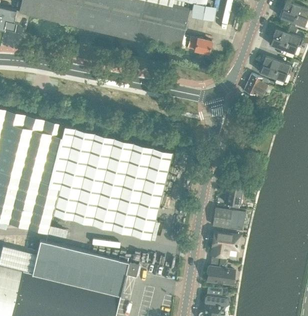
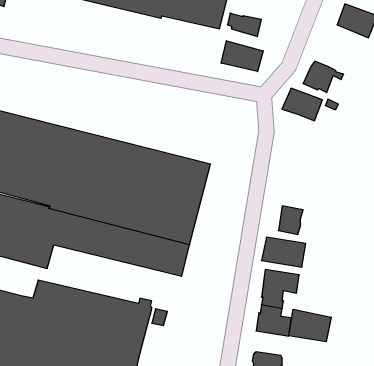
building: [258,58,289,83] -> [282,88,322,121]
building: none -> [221,41,263,72]
building: none -> [289,309,331,342]

